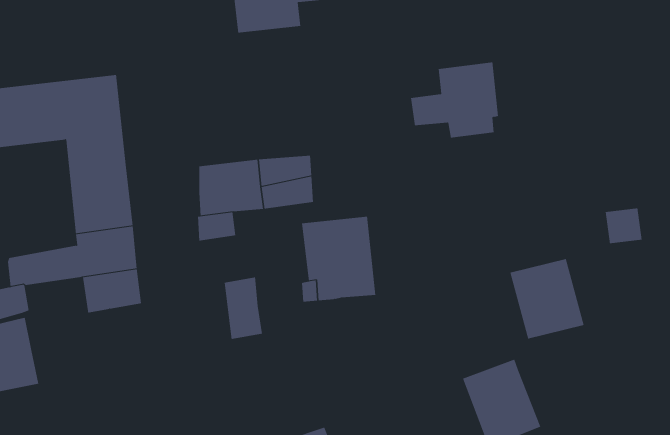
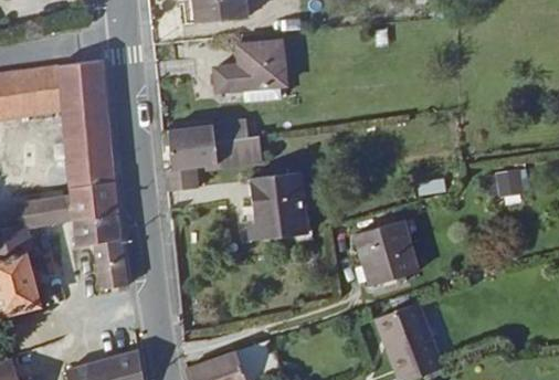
building: [410,62,499,138] -> [213,44,284,105]
building: [510,259,584,339] -> [355,219,414,283]
building: [224,277,263,339] -> [96,243,127,293]

